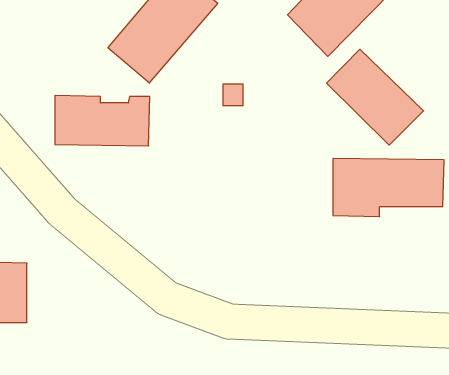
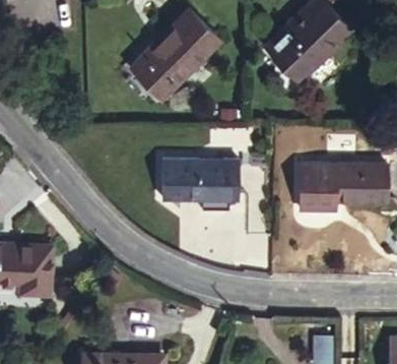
building: [327,49,424,145] -> none
building: [55,95,150,146] -> [162,158,239,198]

